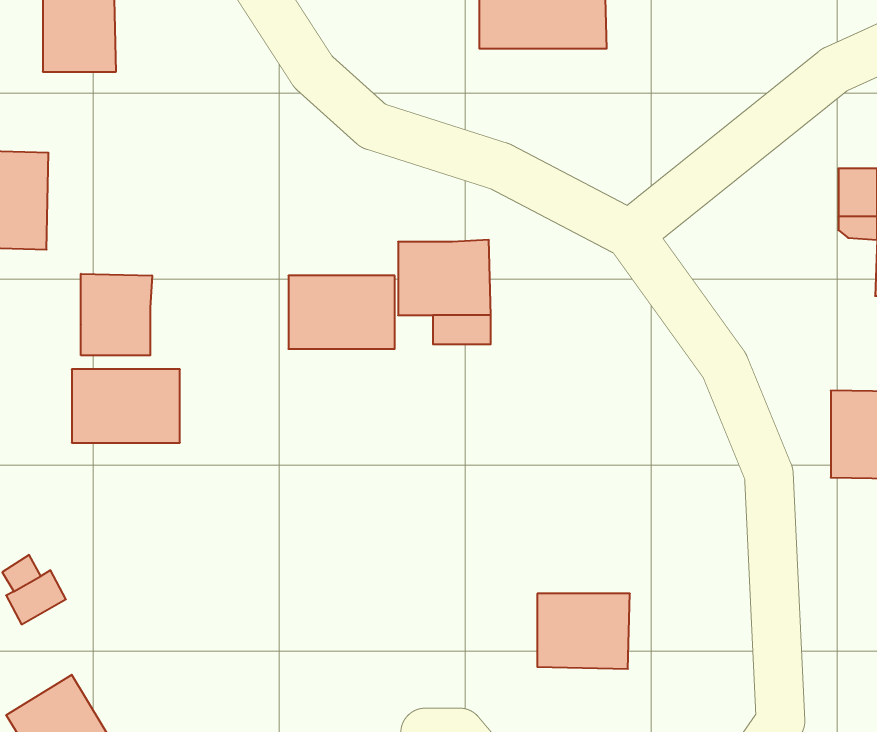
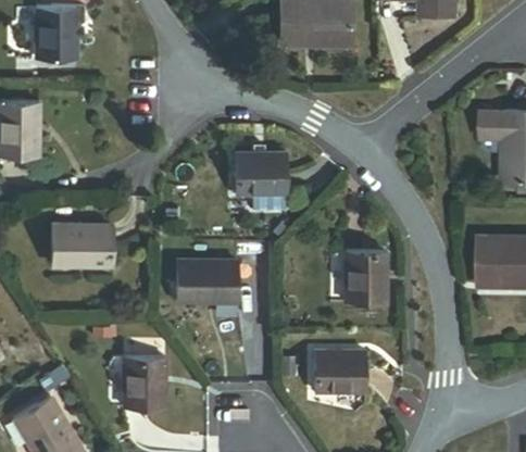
building: [81,274,152,355] -> none
building: [288,276,395,349] -> [177,260,237,301]
building: none -> [346,251,385,302]
building: none -> [124,357,164,406]

